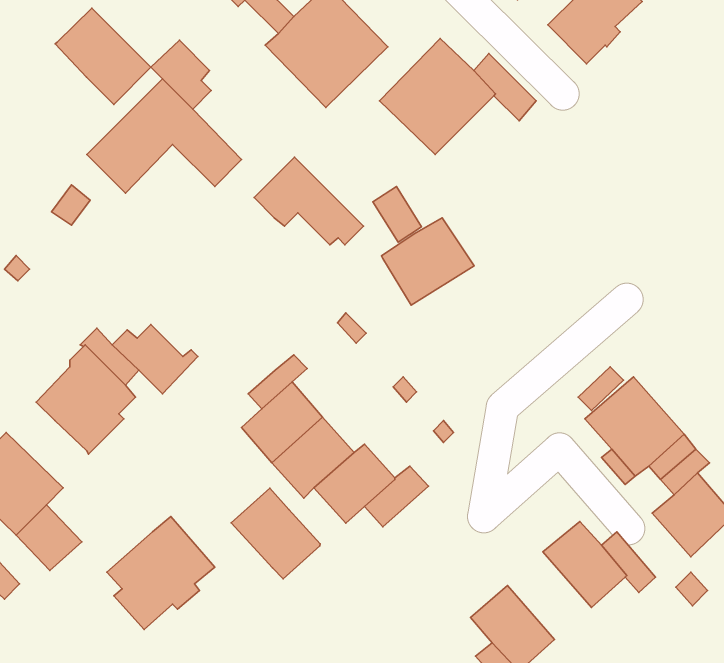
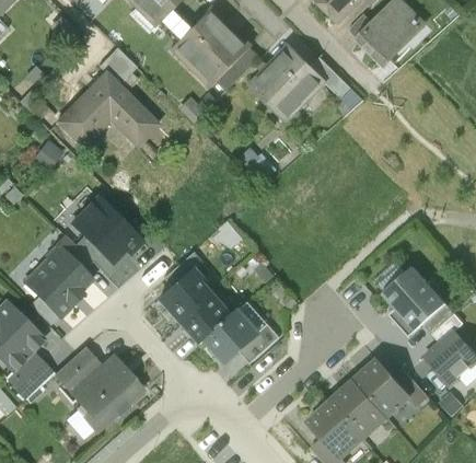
building: [55,8,151,104] -> none
building: [254,157,363,245] -> [71,196,142,253]
building: [381,218,474,305] -> none
building: [231,488,320,579] -> none
building: none -> [55,347,101,393]
building: none -> [332,380,386,437]

